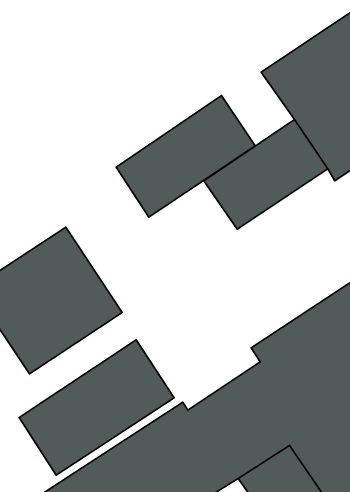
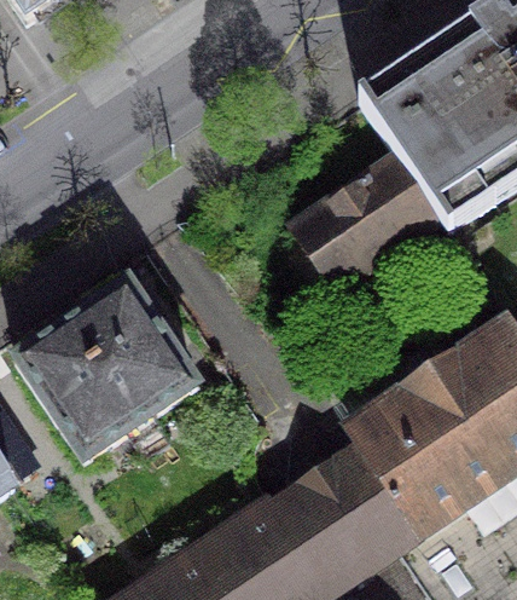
building: [116,96,255,217] -> none
building: [19,340,174,475] -> none

